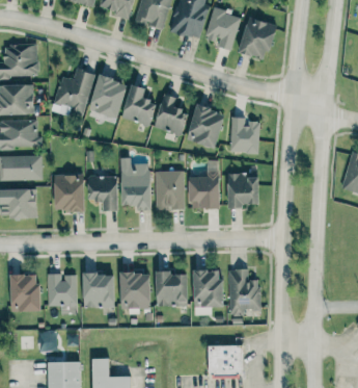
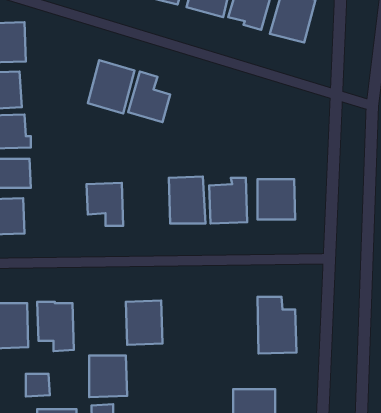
building: [54,69,93,117] -> none
building: [153,94,189,136] -> none
building: [186,105,224,148] -> none
building: [229,117,259,153] -> none
building: [120,158,150,211] -> none
building: [54,175,83,211] -> none
building: [193,269,222,307] -> none
building: [156,273,187,306] -> none
building: [83,274,114,308] -> [89,356,127,397]

